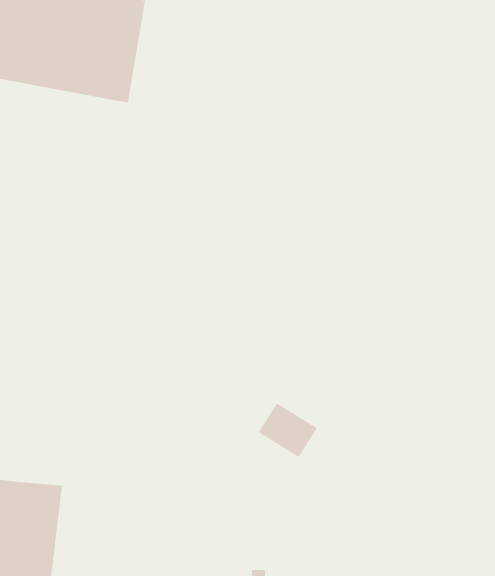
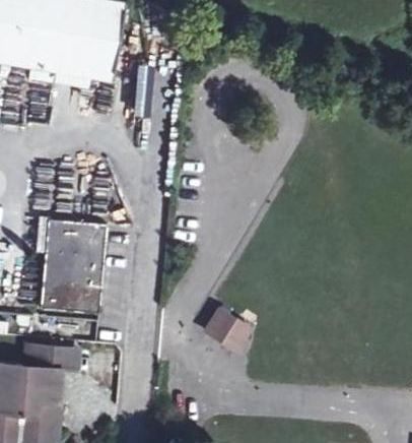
building: none -> [42,219,108,314]
building: none -> [24,349,77,375]

